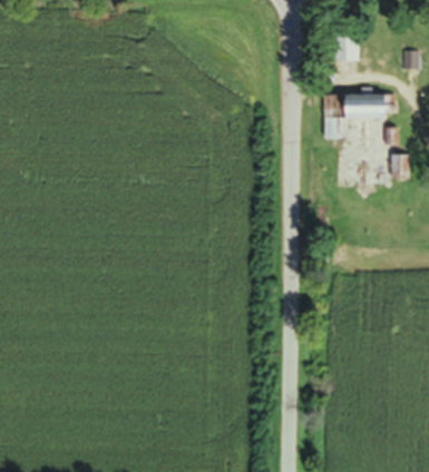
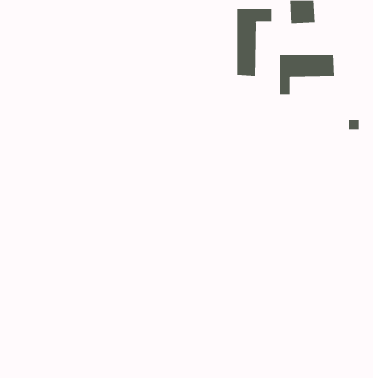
building: none -> [237,8,272,77]

